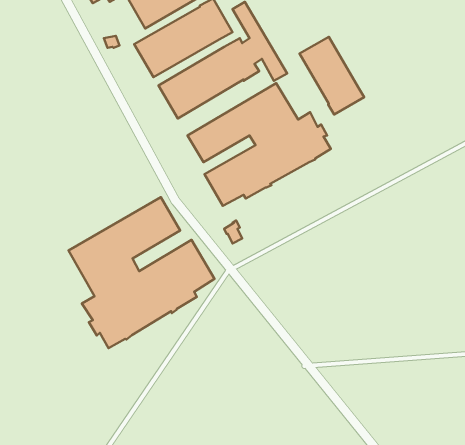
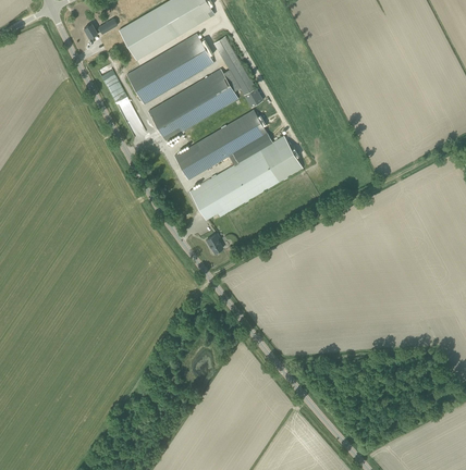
building: [300,37,364,115] -> none
building: [68,197,215,348] -> none

